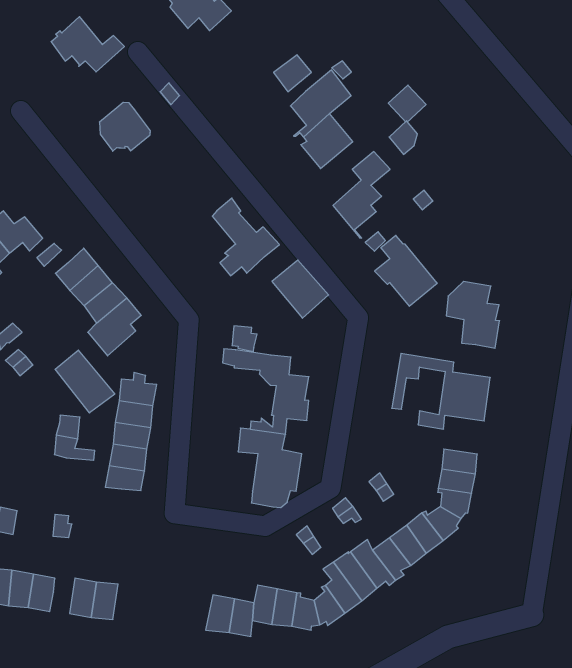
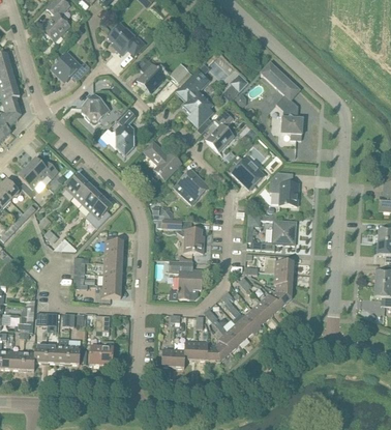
building: none -> [138,59,166,92]
building: none -> [260,61,302,139]
building: none -> [110,108,136,154]
building: [55,350,115,413] -> none

